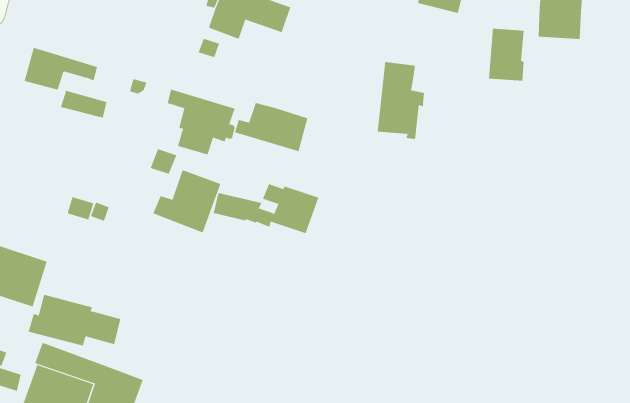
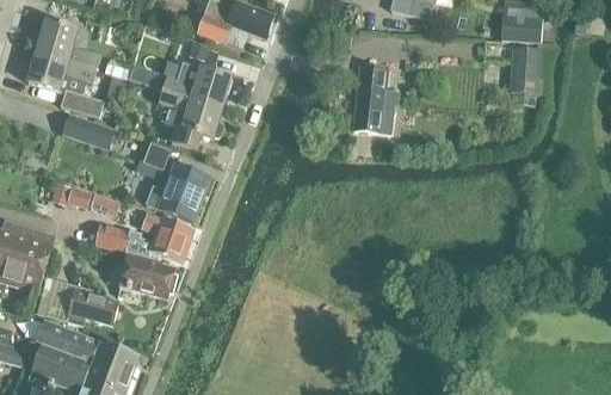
building: none -> [36,19,99,68]
building: [488,28,525,81] -> [508,47,542,95]
building: [234,103,308,152] -> [162,61,230,106]
building: none -> [64,113,116,147]
building: [213,183,319,234] -> [94,214,192,260]
building: none -> [118,255,174,297]

